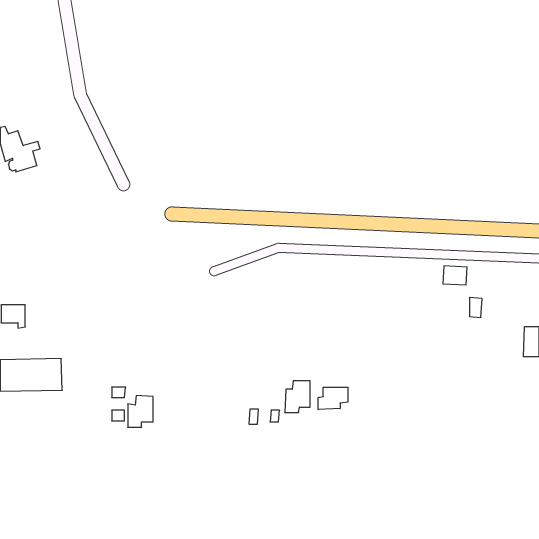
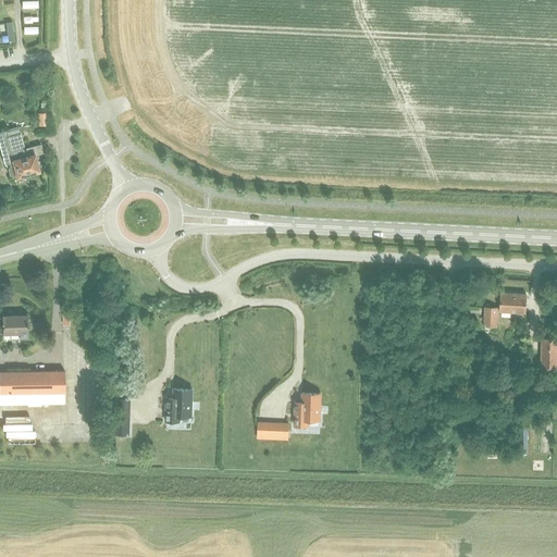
building: [443,266,467,285] -> [500,293,525,312]
building: [318,387,348,410] -> none
building: [128,396,153,427] -> [165,388,191,421]

